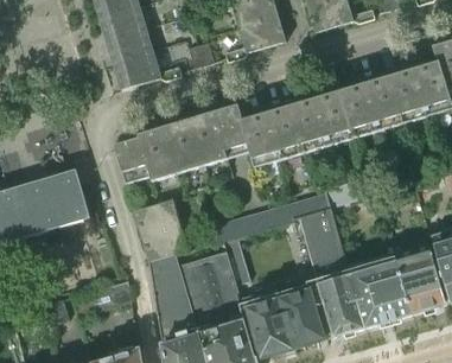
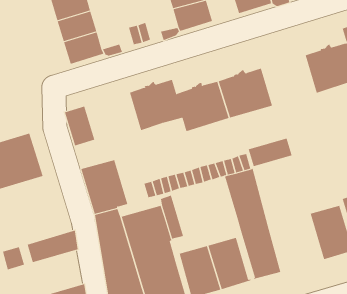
building: [340,79,403,138] -> none
building: [138,122,202,180] -> none
building: [349,261,412,329] -> none

